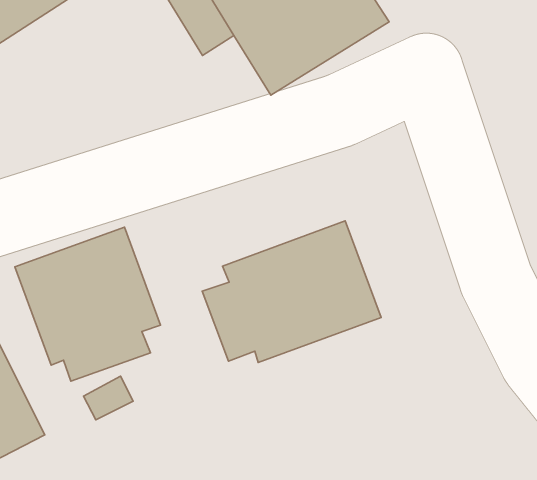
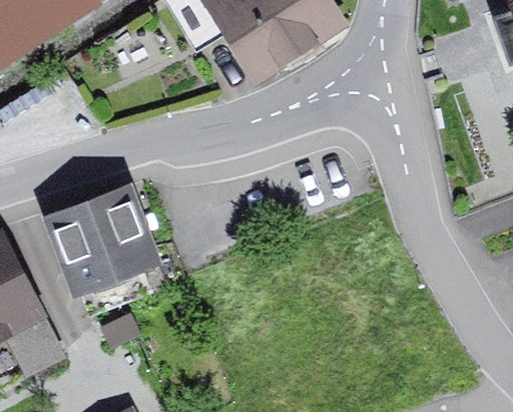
building: [202,221,381,363] -> none

